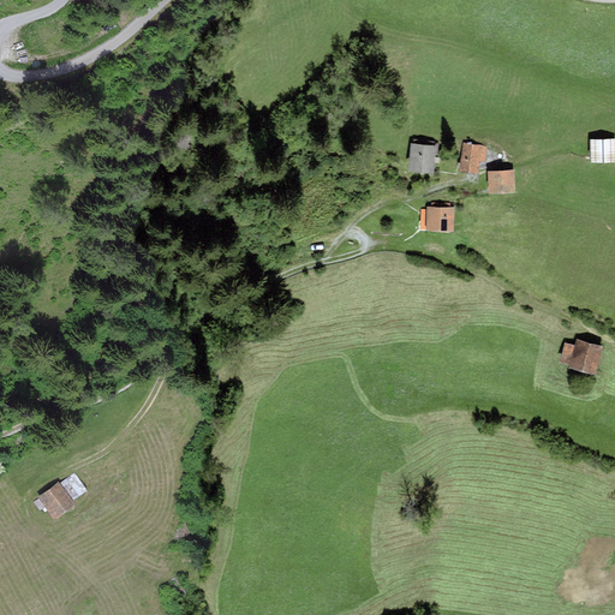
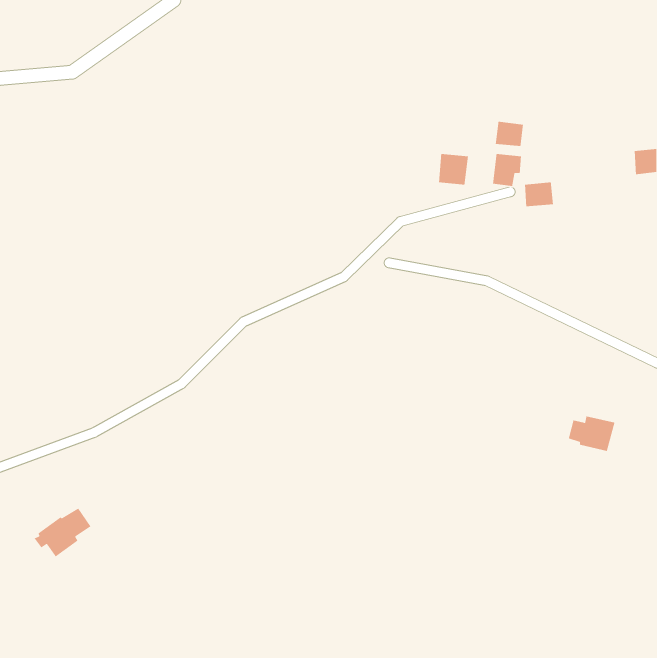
building: none -> [495,121,524,147]
building: [428,207,454,231] -> none
building: [560,340,604,374] -> [568,416,615,452]

